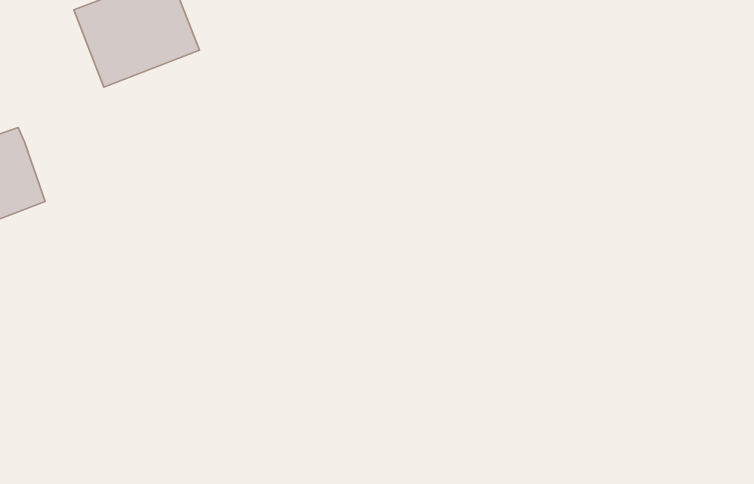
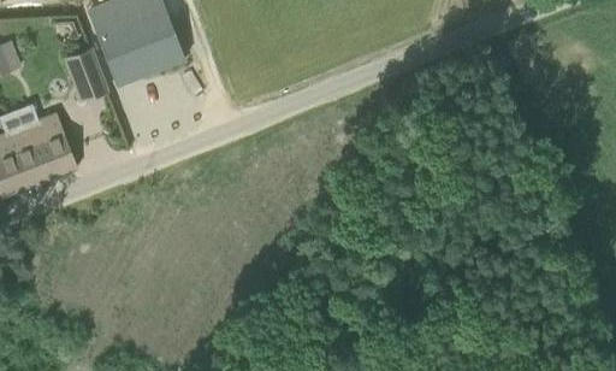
building: none -> [63,47,108,101]

